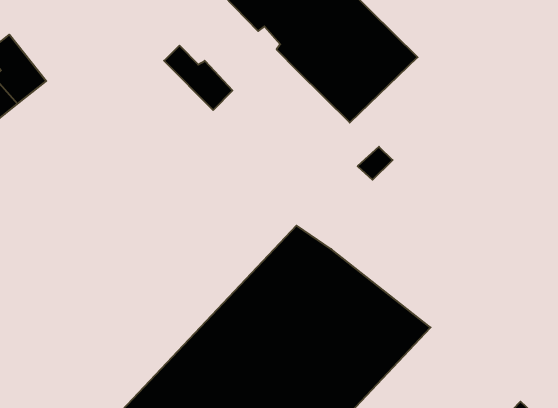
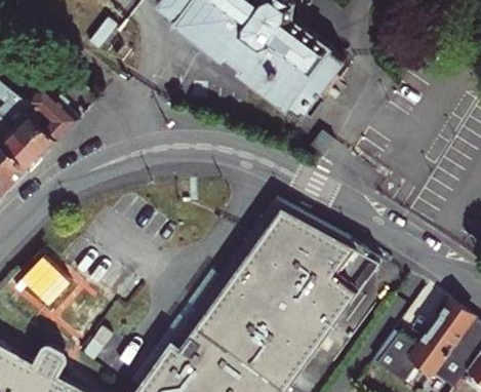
building: [164,46,232,110] -> none

